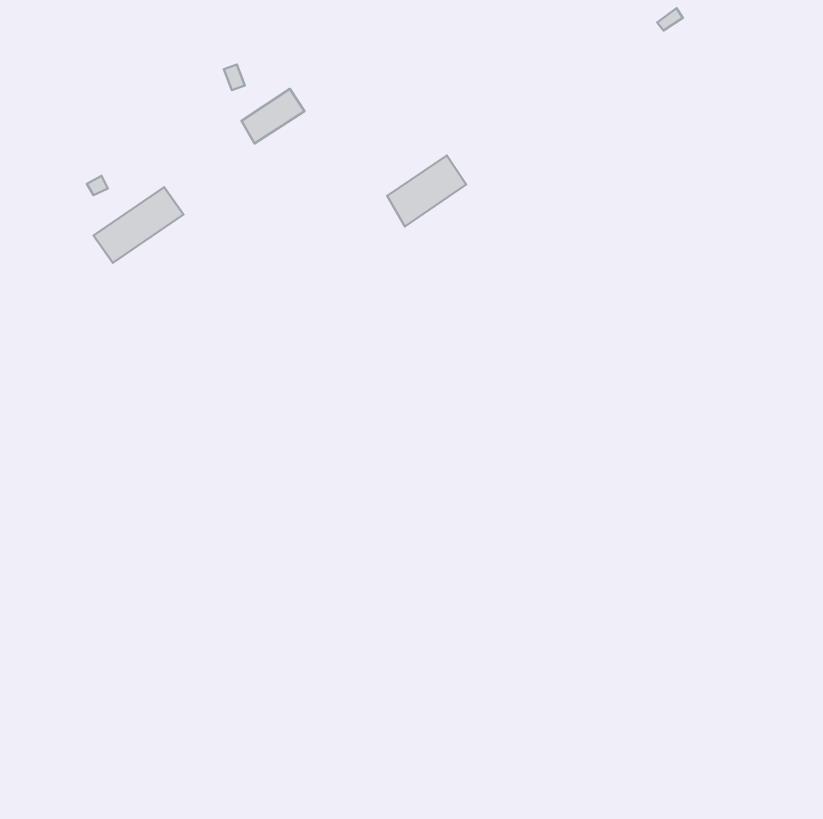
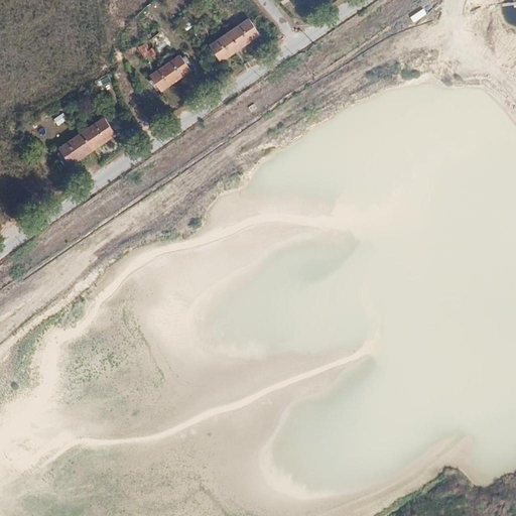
building: [387,156,466,227] -> [209,18,258,62]

